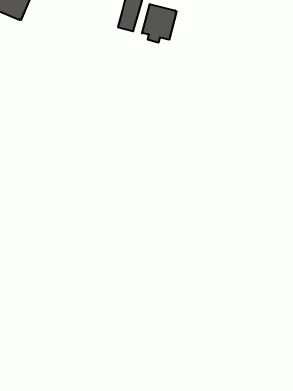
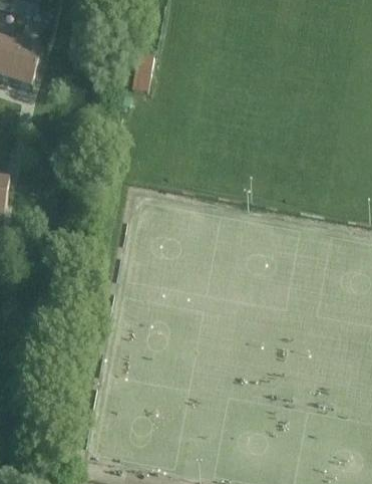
building: [142,4,177,43] -> none

